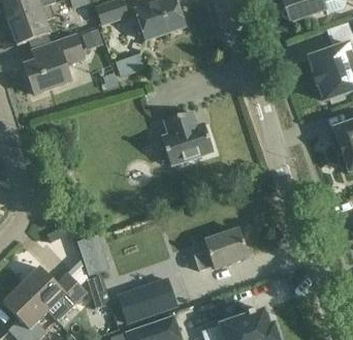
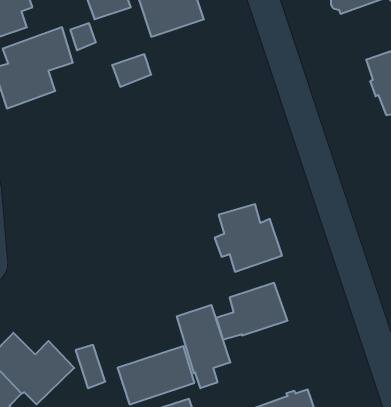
building: [161,111,213,162] -> [215,204,282,272]
building: [77,236,108,275] -> none
building: none -> [177,305,230,388]

